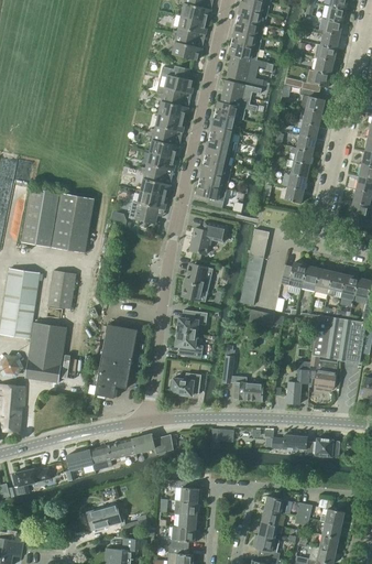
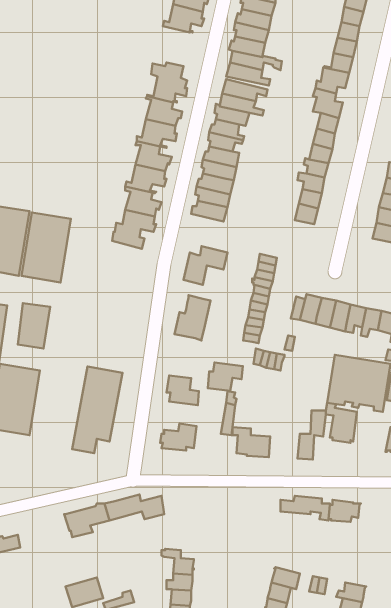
building: [172,34,201,59] -> none
building: [177,310,207,334] -> [208,362,243,391]
building: [65,449,92,480] -> none

